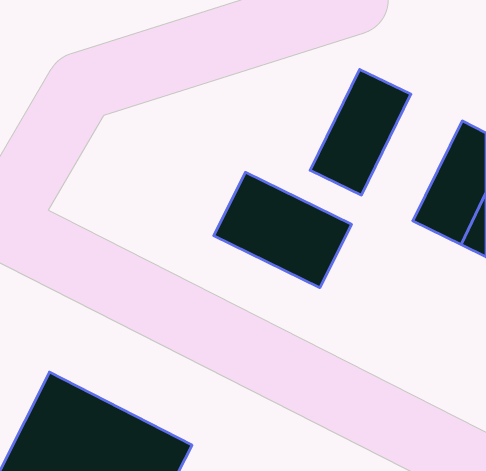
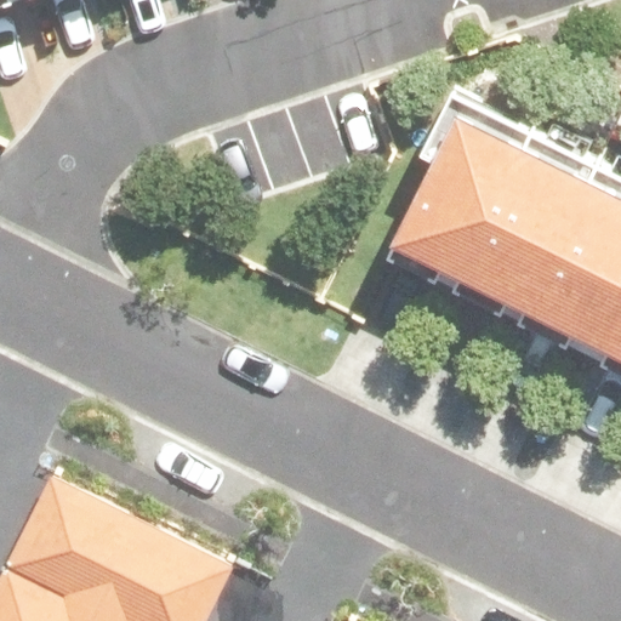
building: none -> [461,139,589,301]
building: [214,172,351,288] -> none

